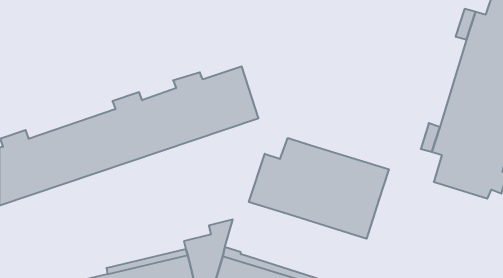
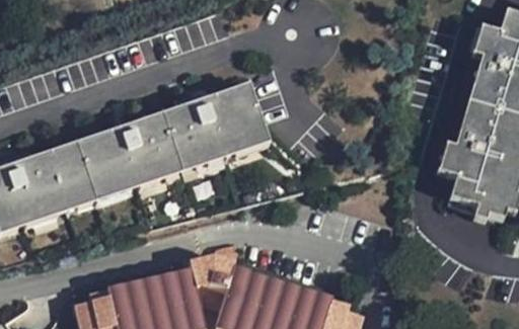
building: [249,138,389,239] -> none

